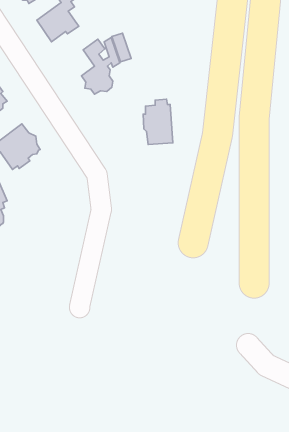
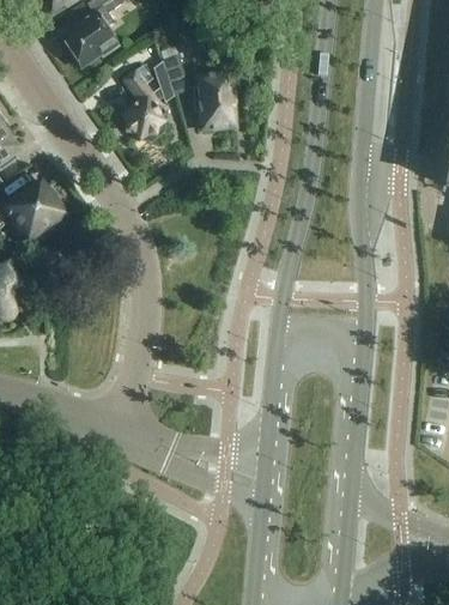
building: [143,99,173,145] -> [194,66,235,128]

